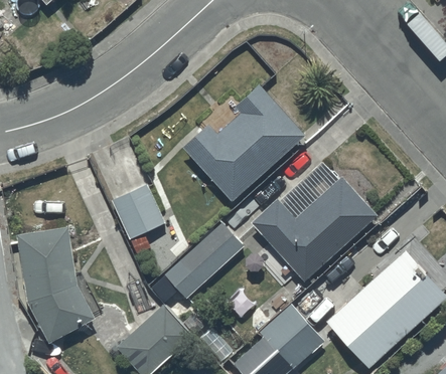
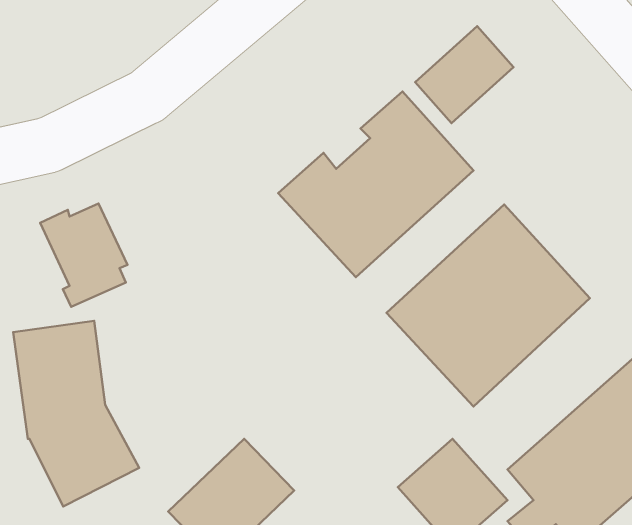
building: none -> [415,26,513,123]
building: [111,184,165,248] -> [40,203,128,307]
building: [149,222,245,299] -> none

